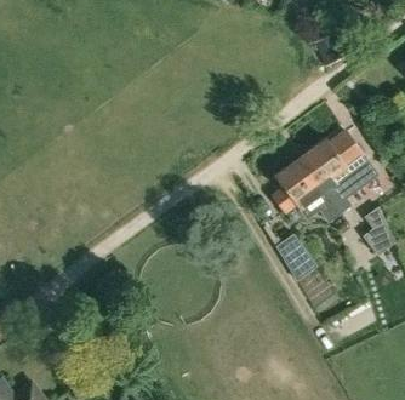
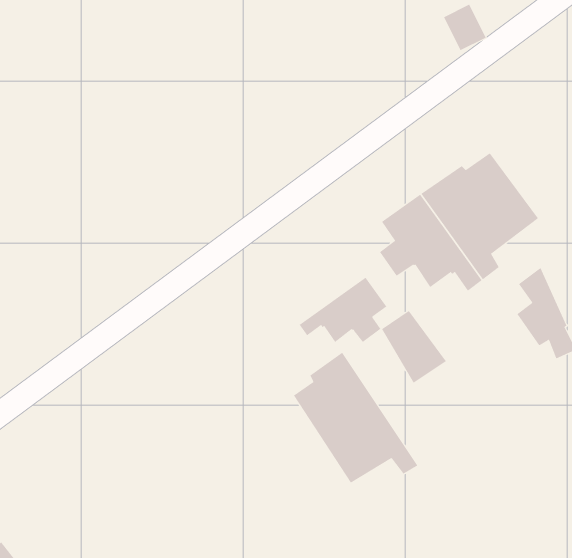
building: none -> [299,277,387,343]
building: none -> [293,352,418,484]

